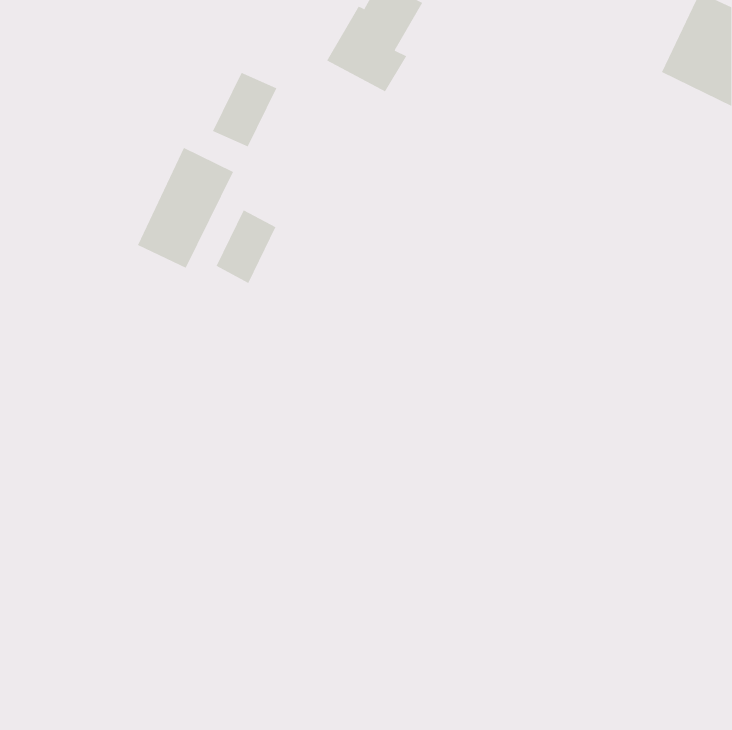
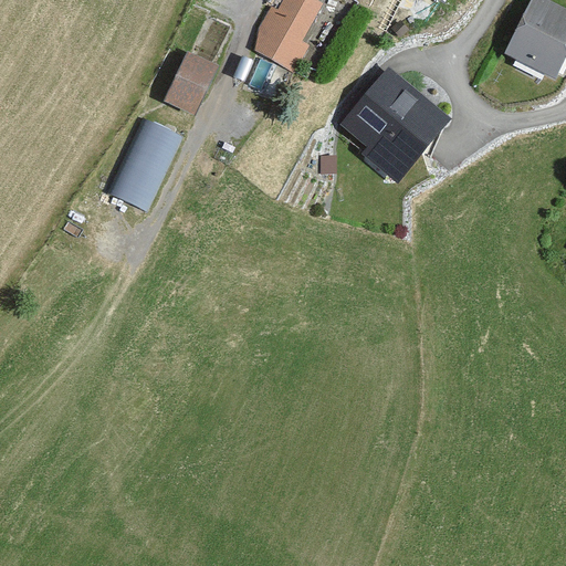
building: none -> [340,67,452,182]
building: [216,209,276,284] -> none

